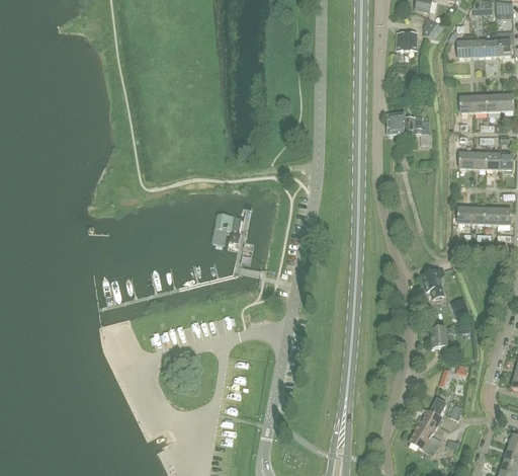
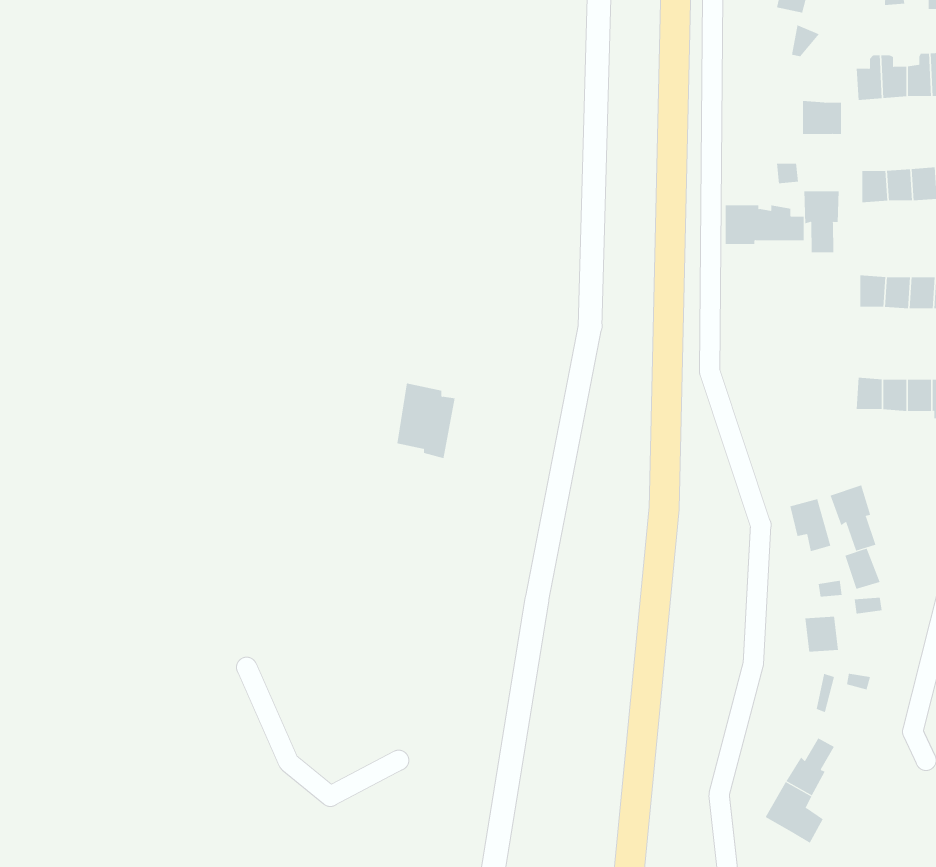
building: [397,31,418,50] -> [802,100,842,134]
building: none -> [804,190,839,253]
building: none -> [830,485,876,552]

